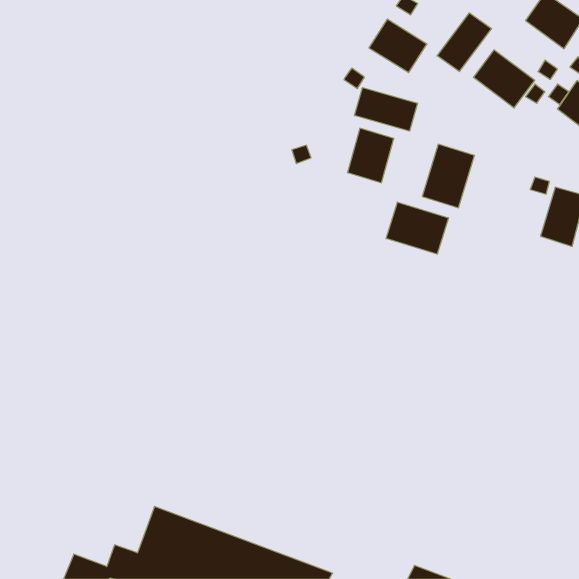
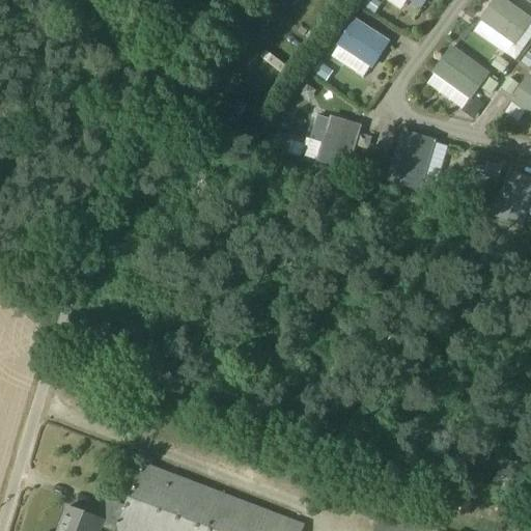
building: [437,13,492,72] -> none
building: [355,88,417,131] -> none
building: [386,202,448,254] -> none

